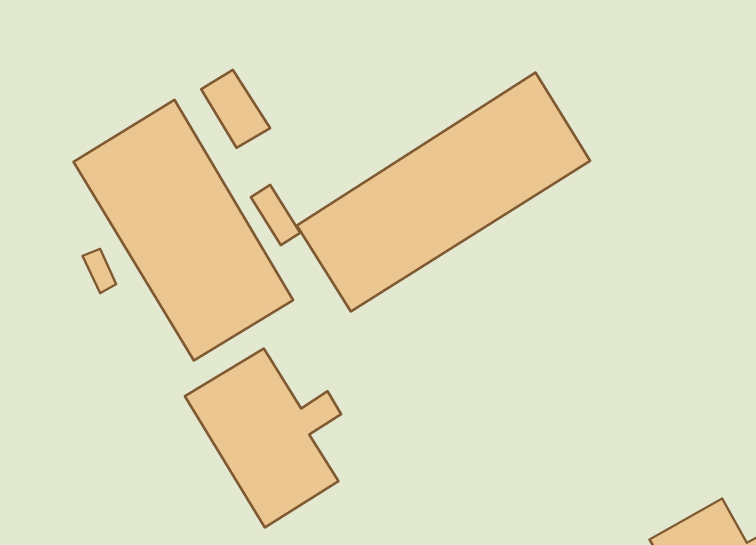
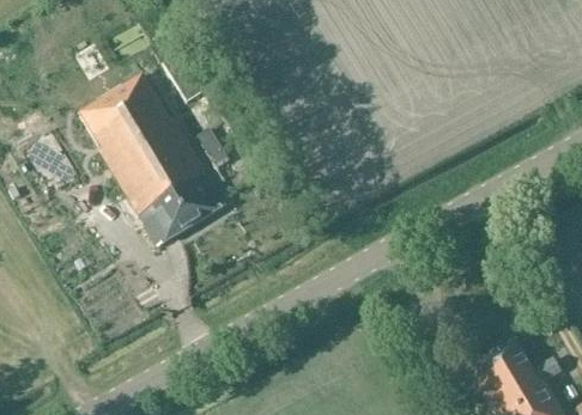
building: [297,73,590,311] -> none
building: [185,348,341,528] -> none

